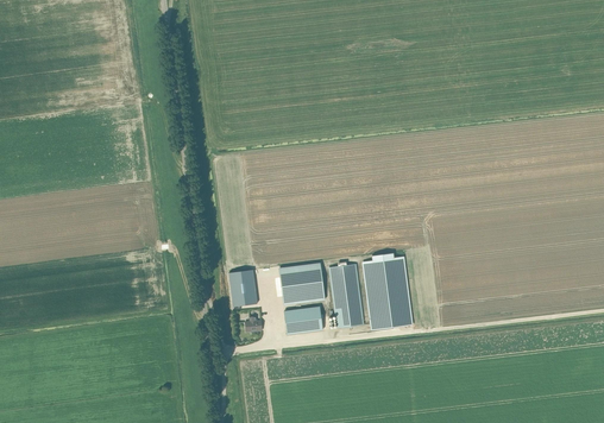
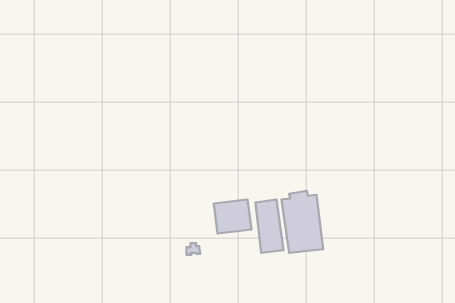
building: [228,269,257,307] -> none
building: [284,305,322,334] -> none

